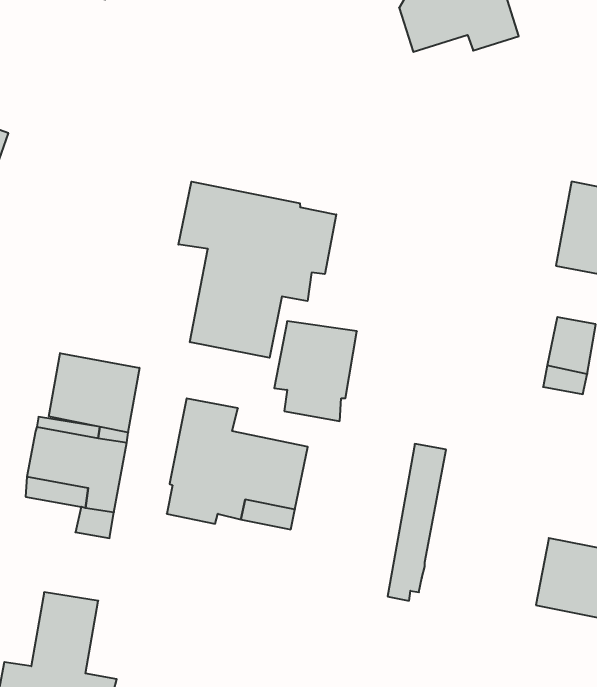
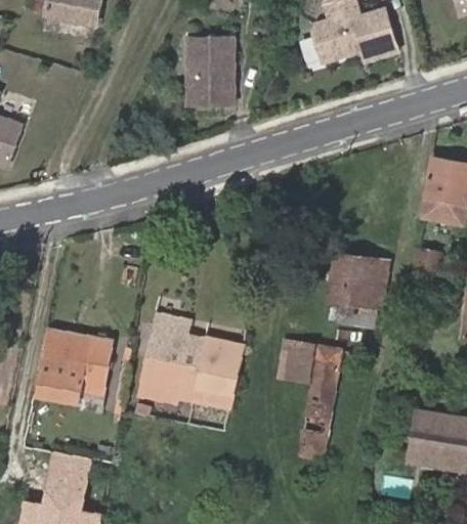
building: none -> [186,36,234,105]
building: [178,182,336,358] -> none
building: [274,321,357,421] -> [327,253,386,324]
building: [49,353,139,432] -> none
building: none -> [280,340,314,382]

